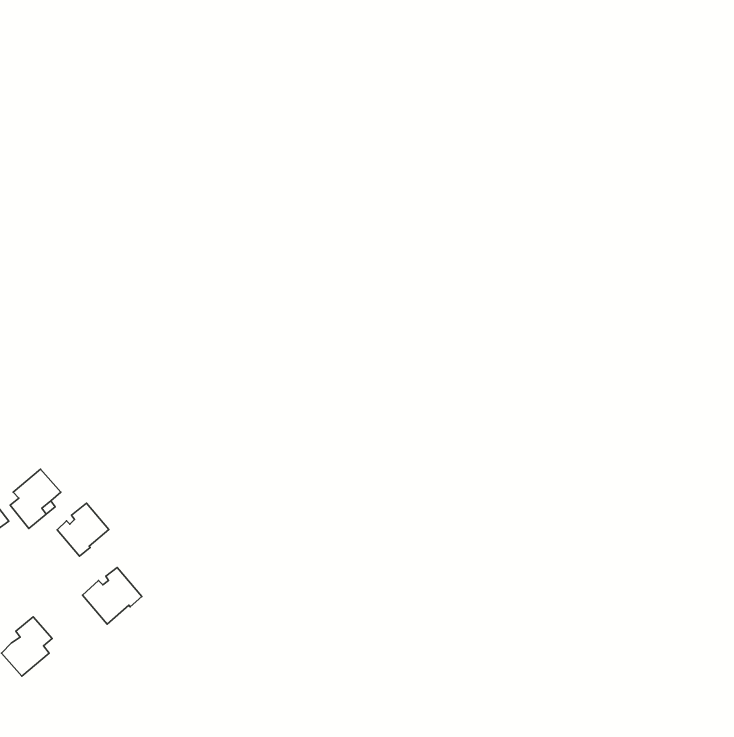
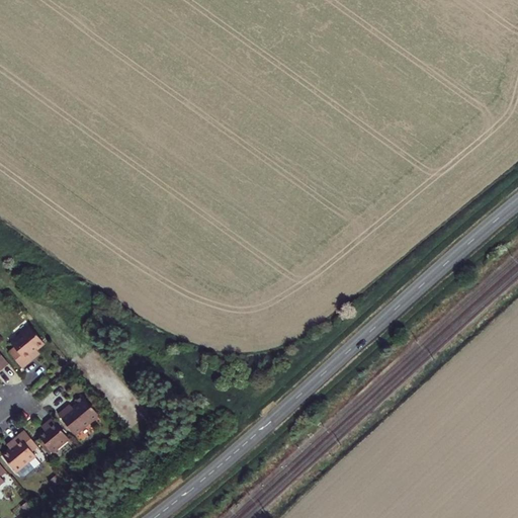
building: [57,503,109,556] -> none
building: none -> [37,419,68,452]

